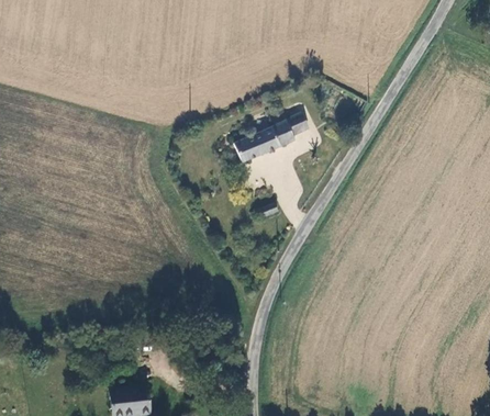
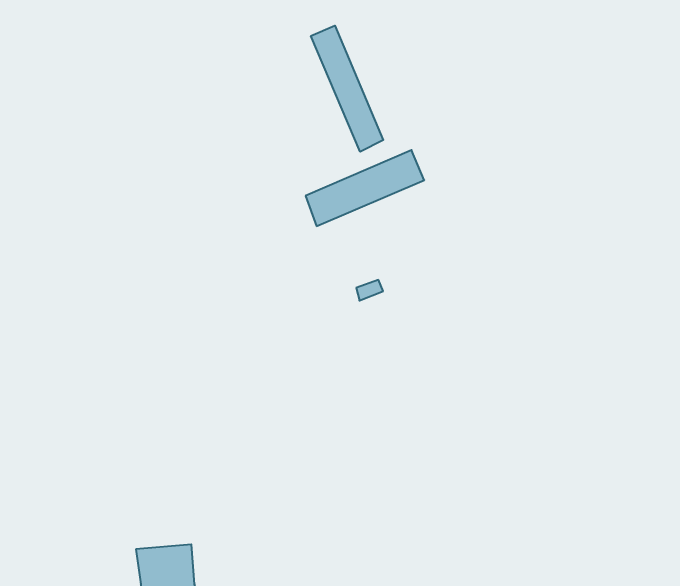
building: none -> [311,26,383,152]

